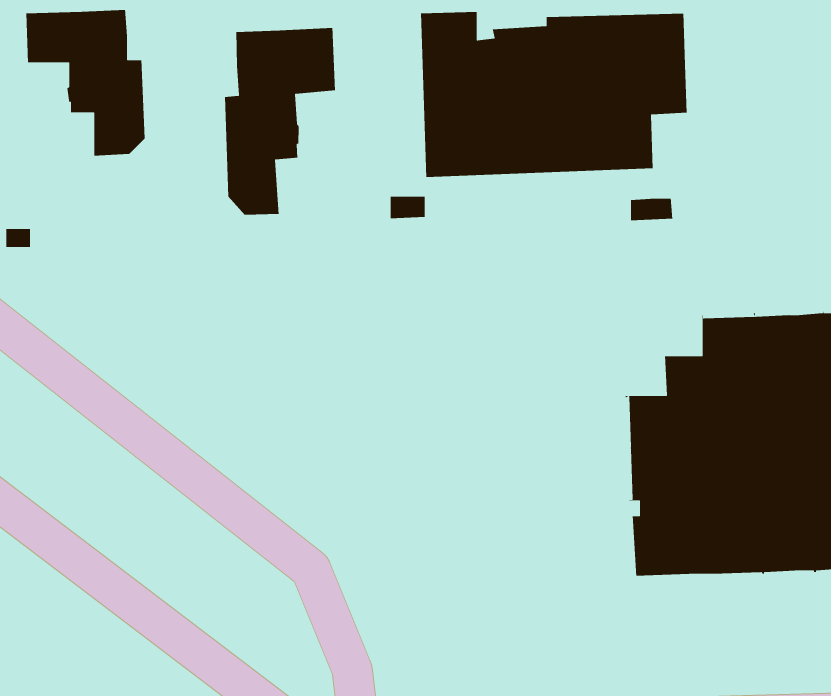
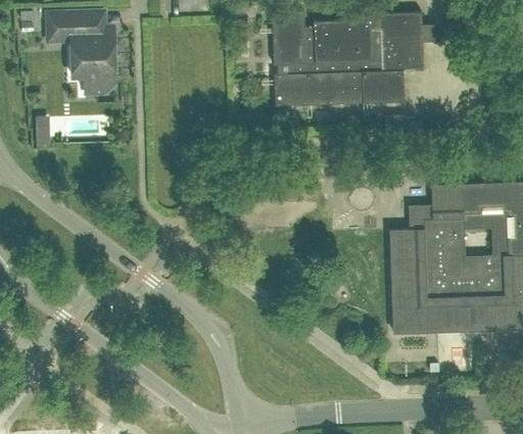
building: [224,27,336,216] -> none

